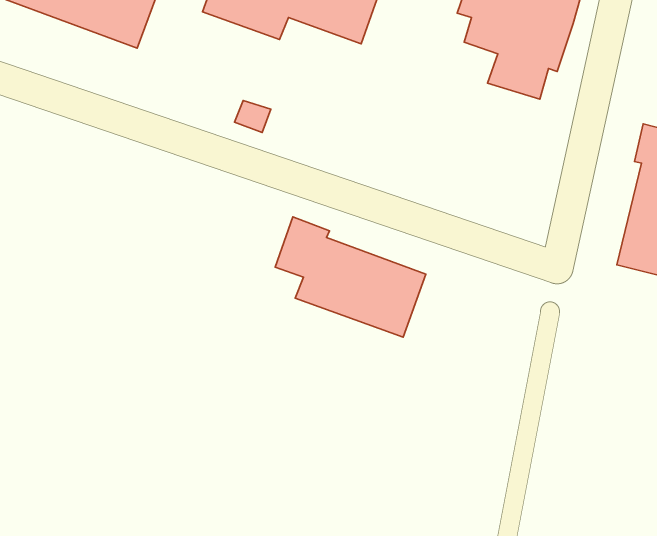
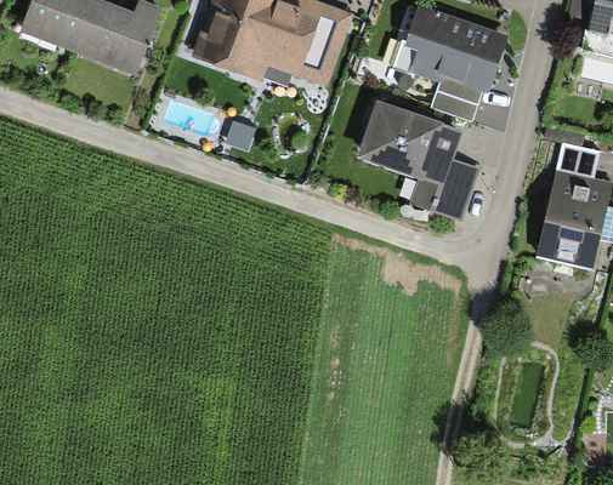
building: none -> [356,104,477,217]
building: [275,217,426,337] -> none

